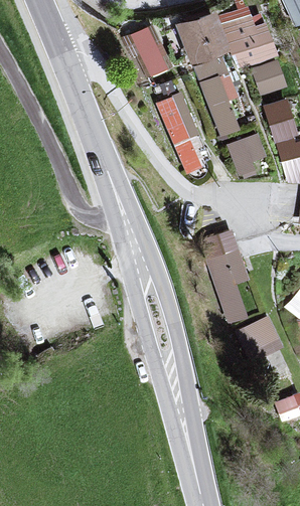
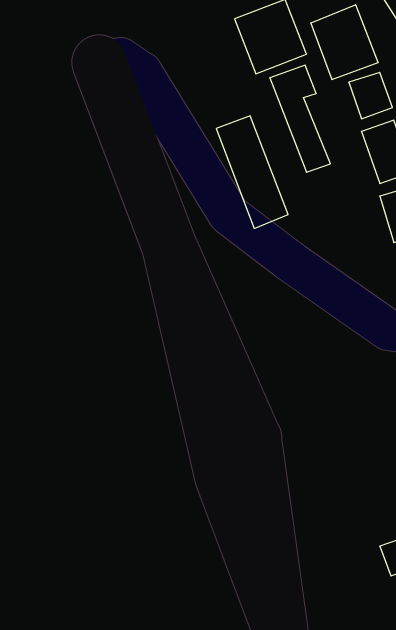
building: [135,26,171,77] -> none
building: [223,132,263,179] -> none
building: [211,246,251,319] -> none
building: [238,314,282,359] -> none

